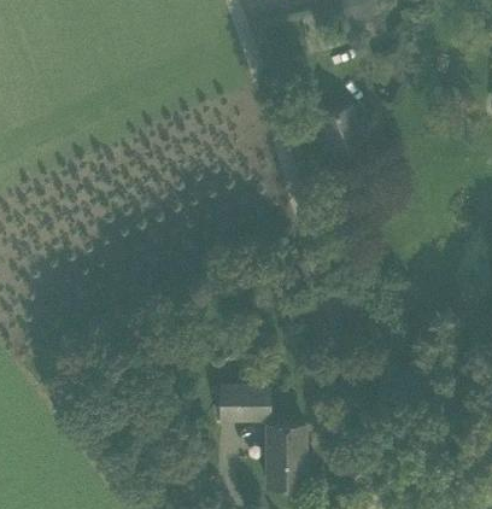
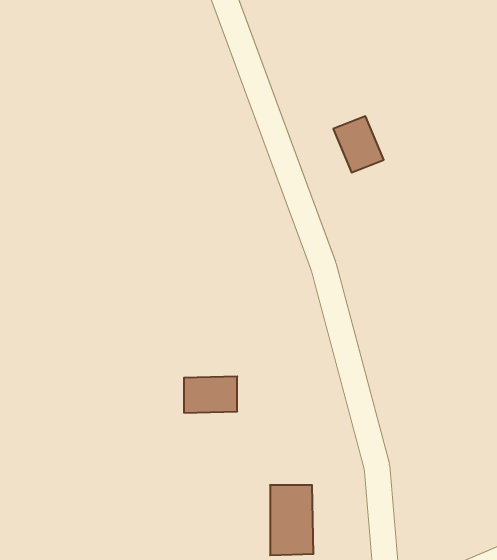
building: [223,391,269,422] -> [184,376,237,413]

